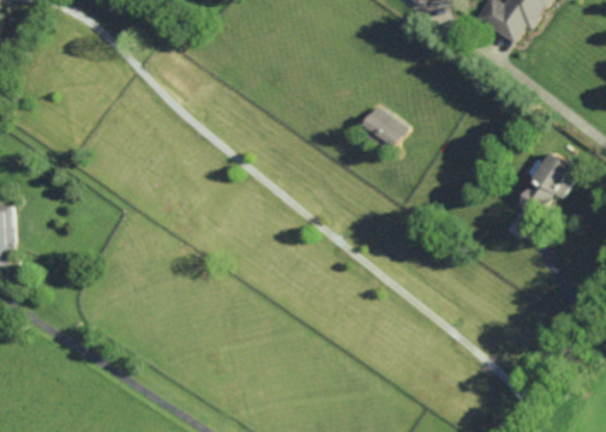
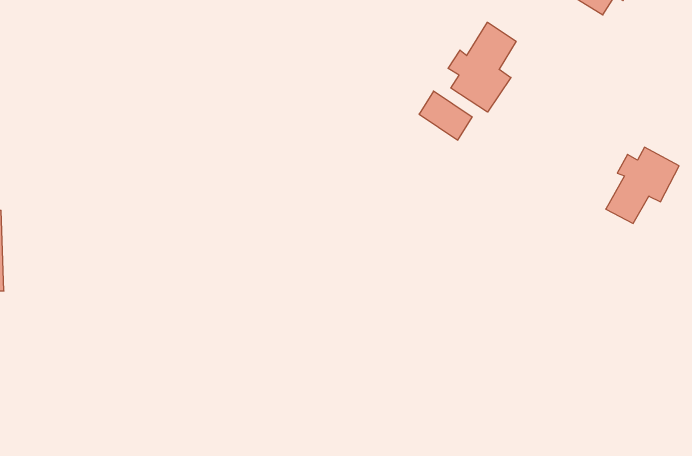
building: none -> [448,22,516,112]

